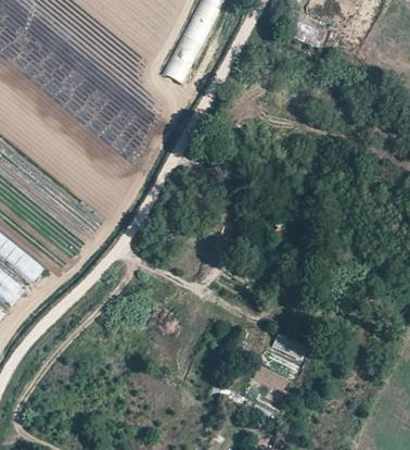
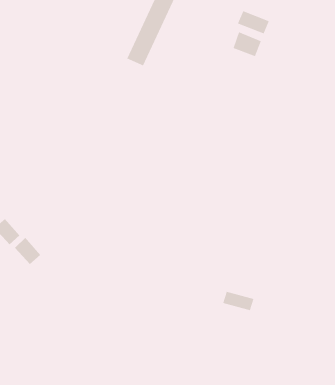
building: none -> [232,31,262,57]
building: none -> [14,237,41,265]

